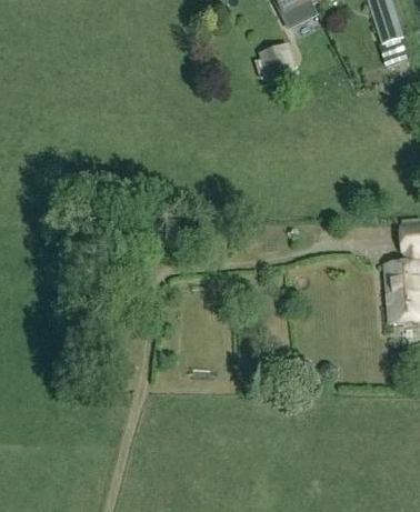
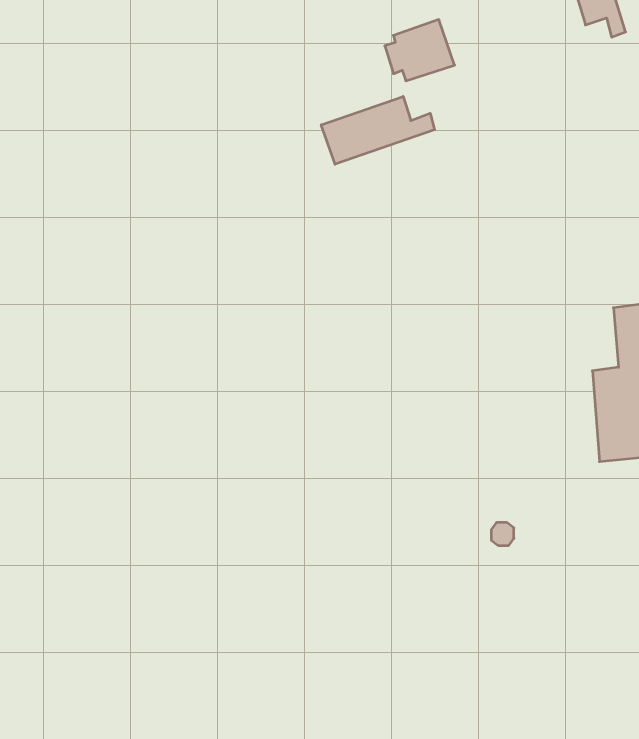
building: none -> [321,96,435,164]

